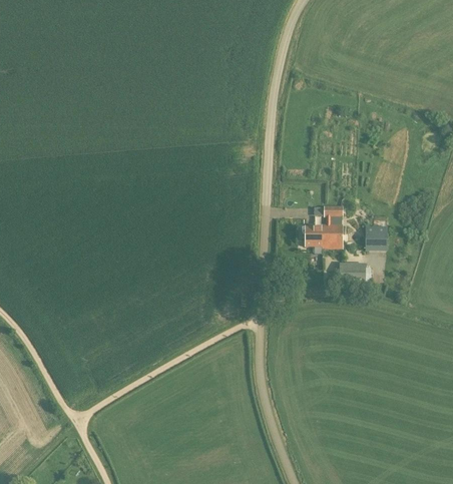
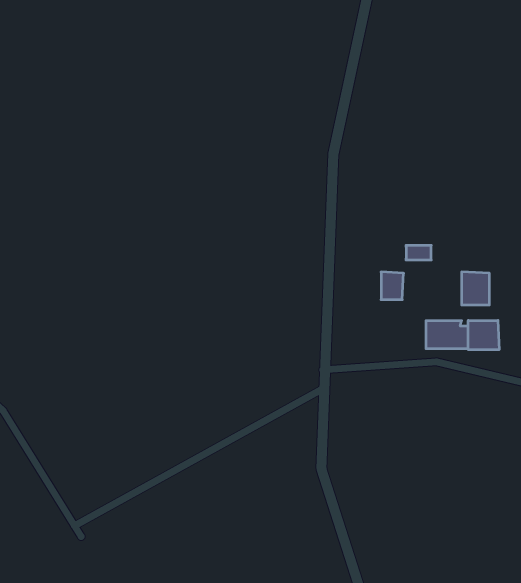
building: [321,216,342,249] -> none
building: none -> [468,320,499,350]

